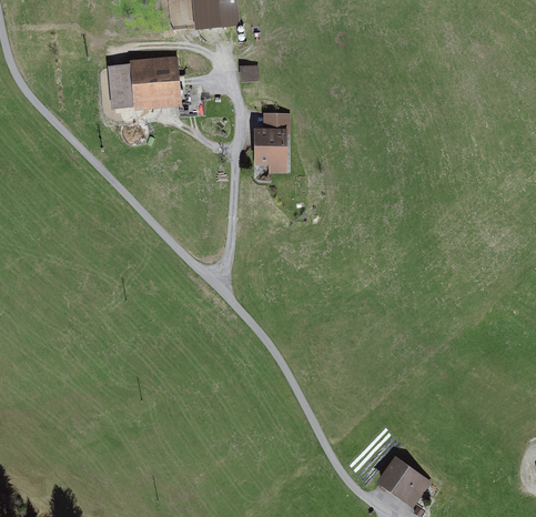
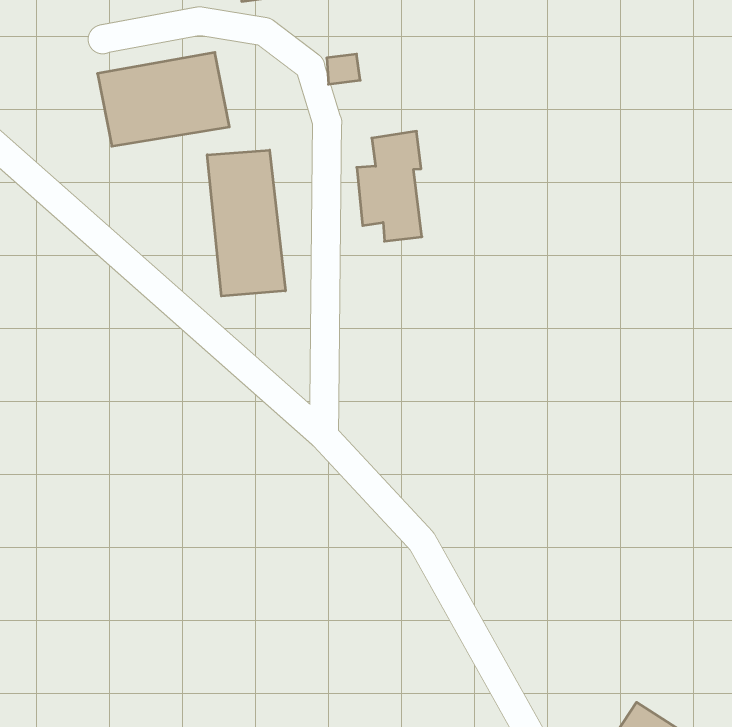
building: none -> [207,150,285,296]

